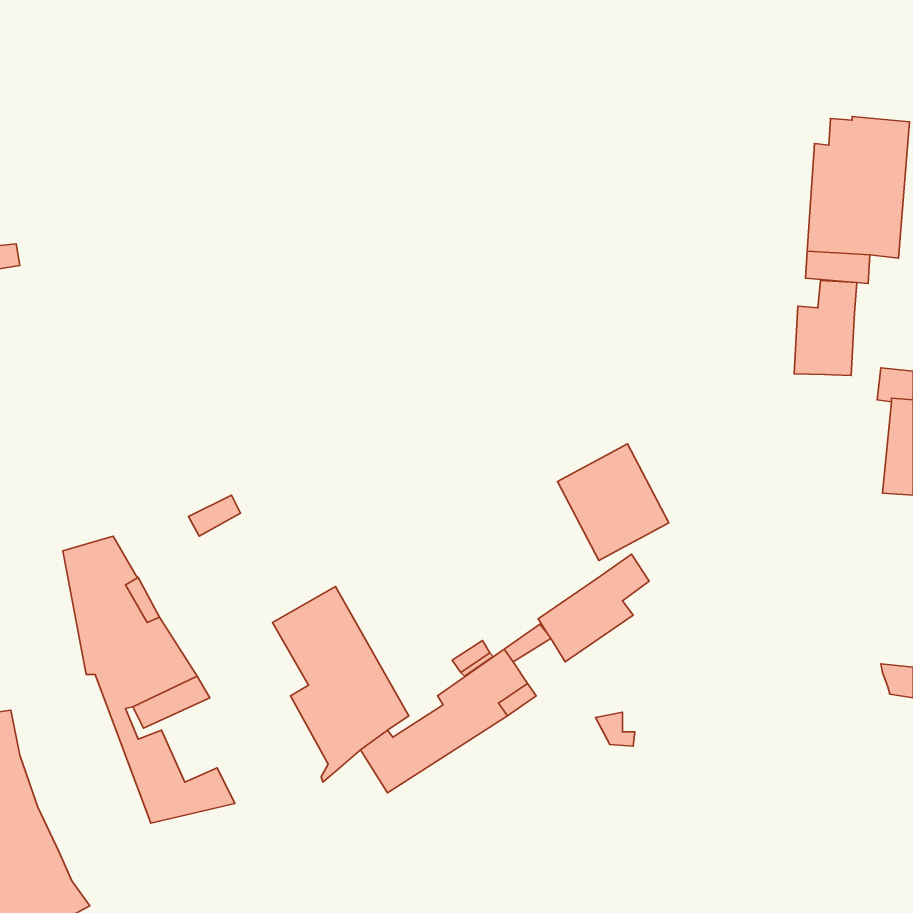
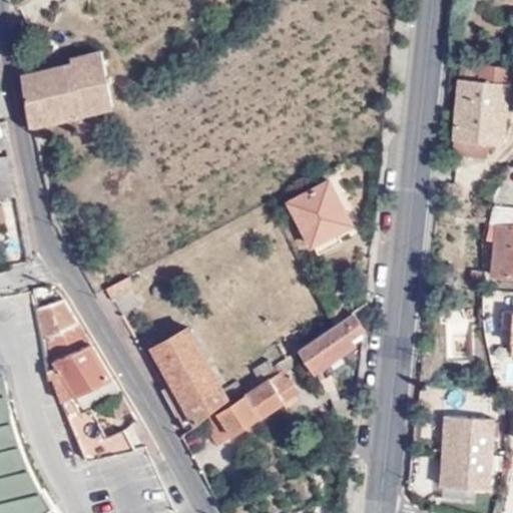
building: none -> [18,52,113,127]
building: [794,281,857,375] -> none
building: [558,444,669,560] -> [290,181,352,246]
building: none -> [441,418,496,491]

